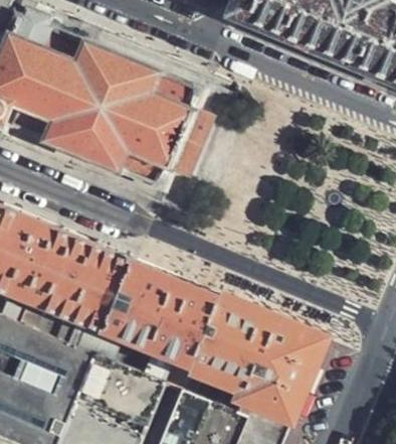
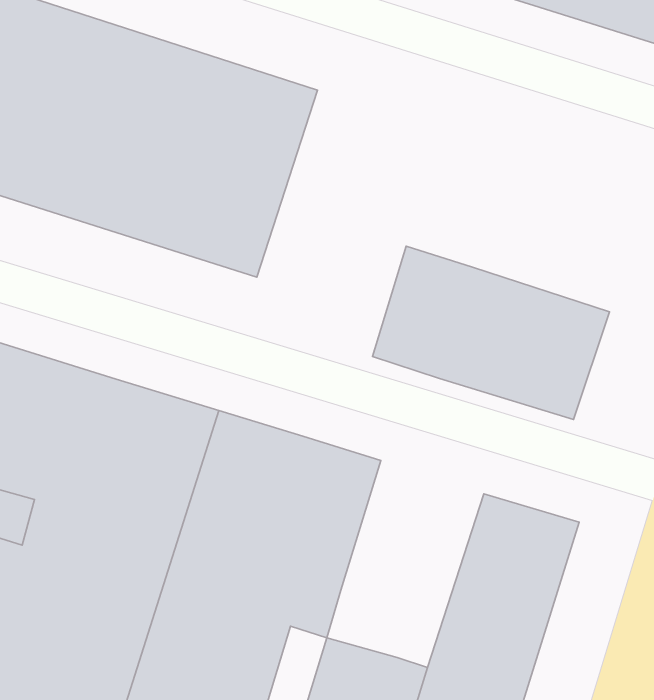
building: none -> [372,246,610,419]
building: [194,295,276,410] -> none

